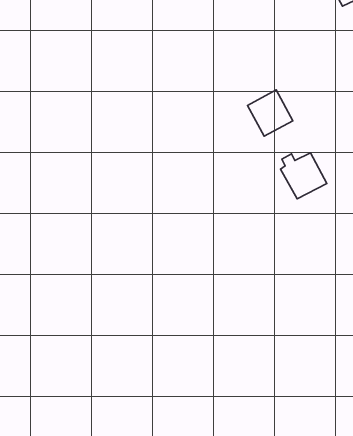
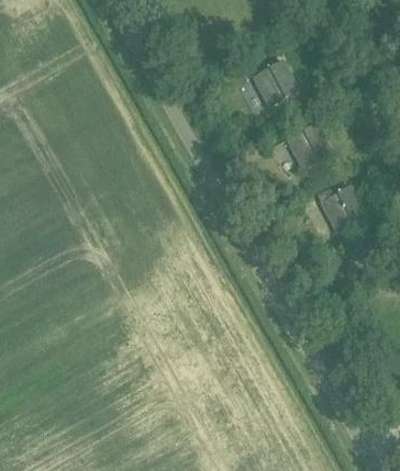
building: none -> [252,59,297,105]

